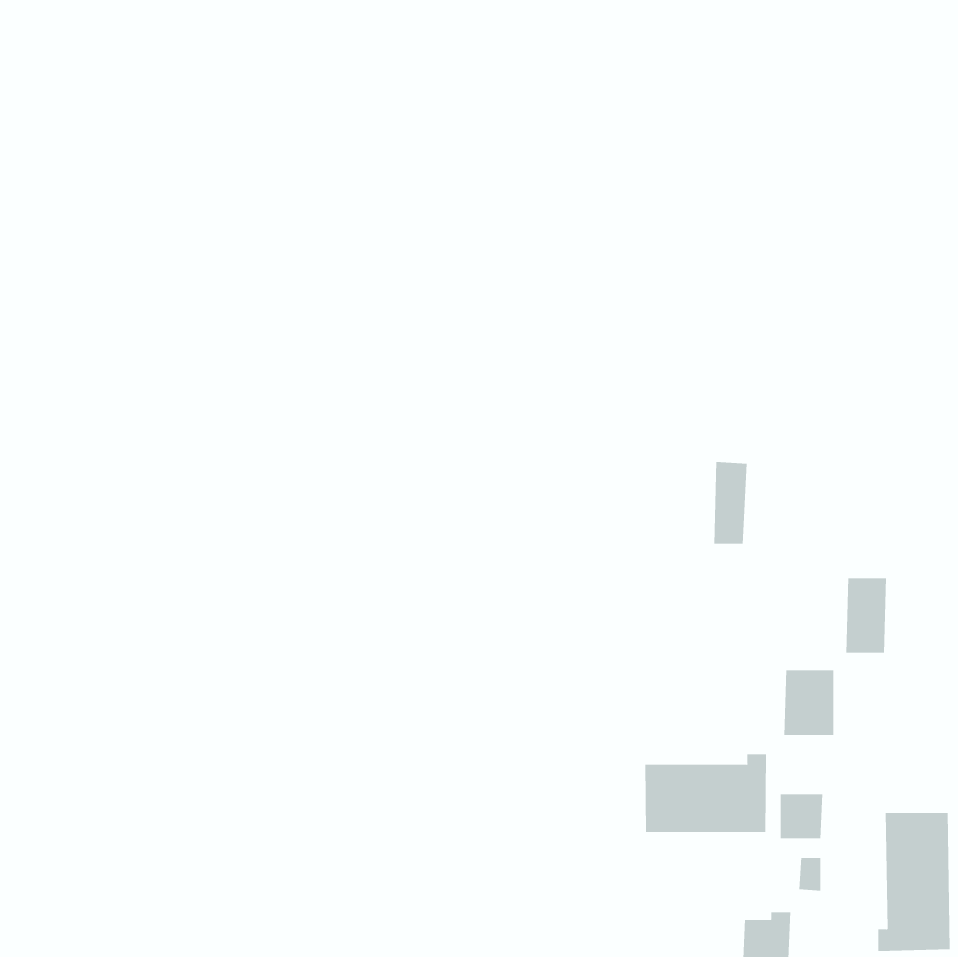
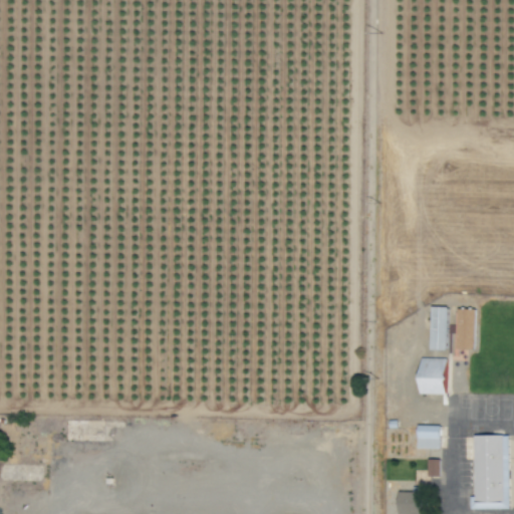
building: [714,461,747,544] -> [430,307,448,351]
building: [645,754,767,833] -> none

